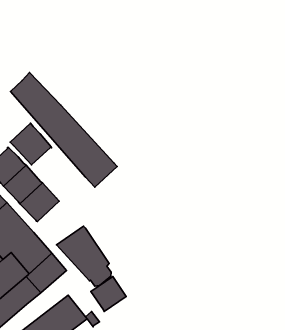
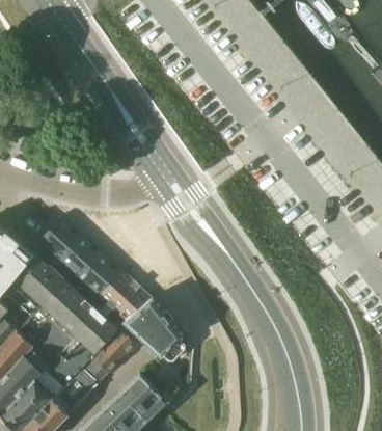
building: [10,72,117,187] -> none
building: [10,123,51,165] -> none
building: none -> [98,272,149,321]
building: [91,276,126,312] -> none

